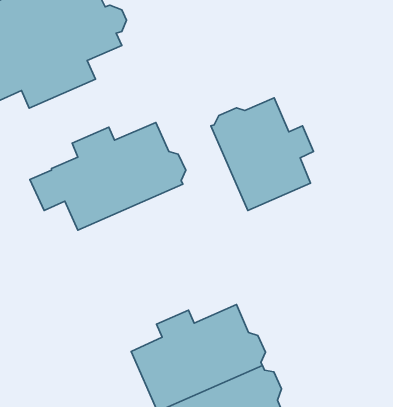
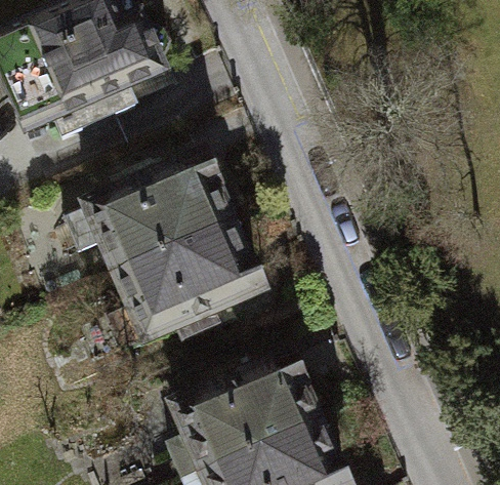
building: [211,98,314,210] -> none
building: none -> [105,224,257,351]

